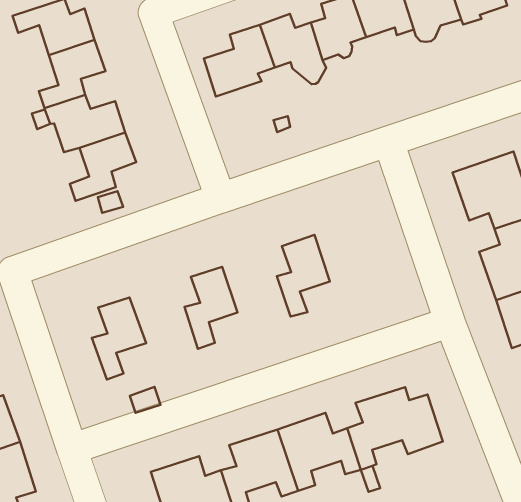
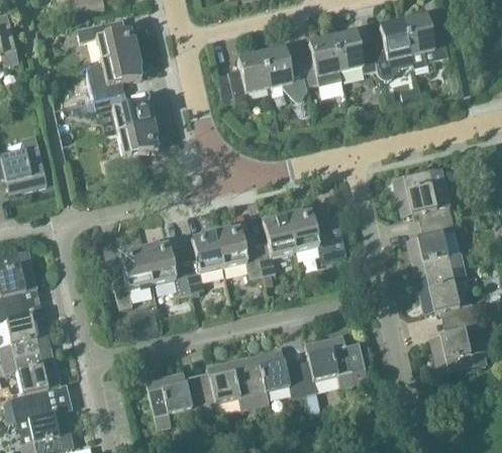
building: none -> [286,210,345,261]
building: none -> [214,226,262,277]
building: none -> [142,242,190,294]

